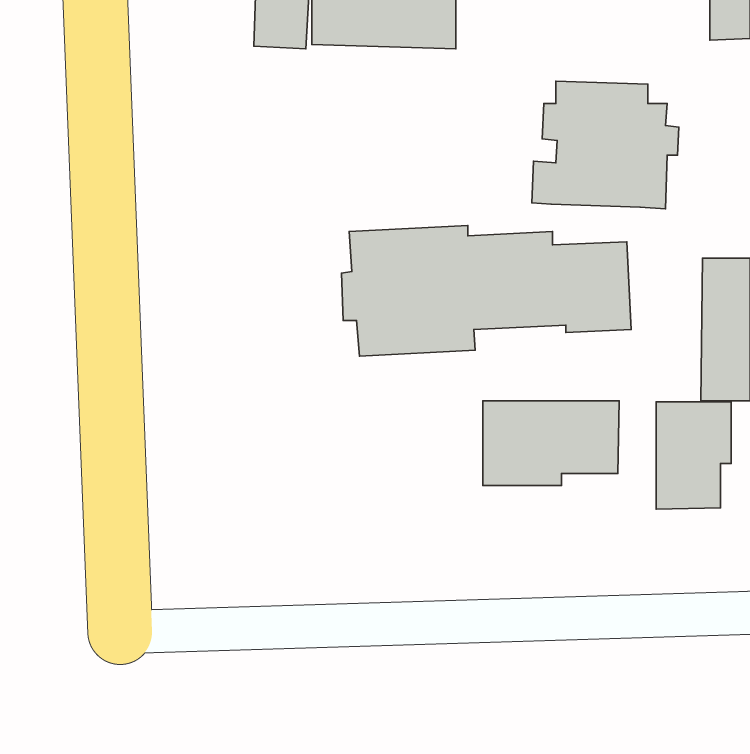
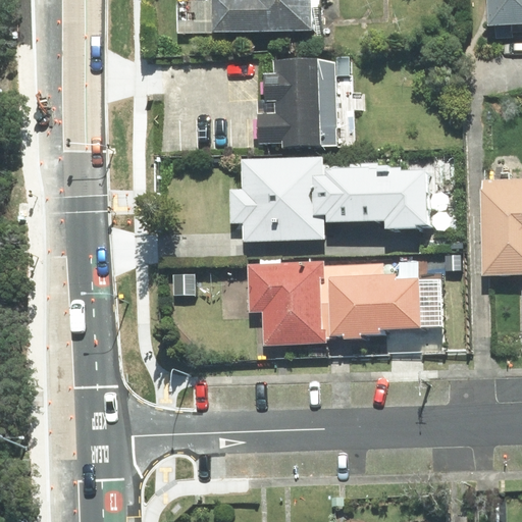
building: [532,81,679,209] -> [257,59,358,147]
building: none -> [249,261,323,343]
building: [656,402,731,509] -> none

